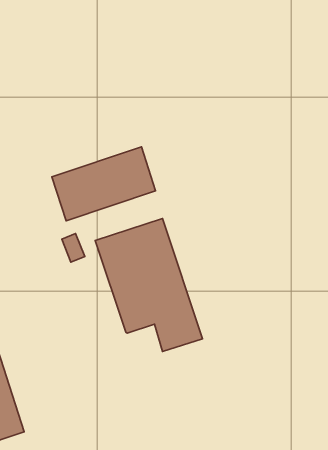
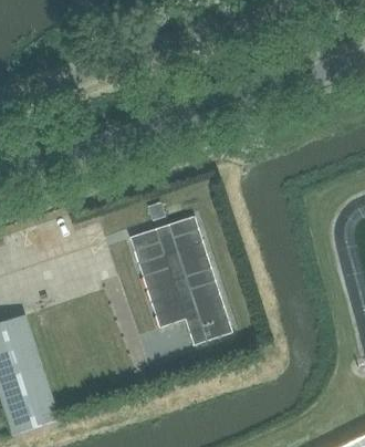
building: [52,147,156,221] -> none

